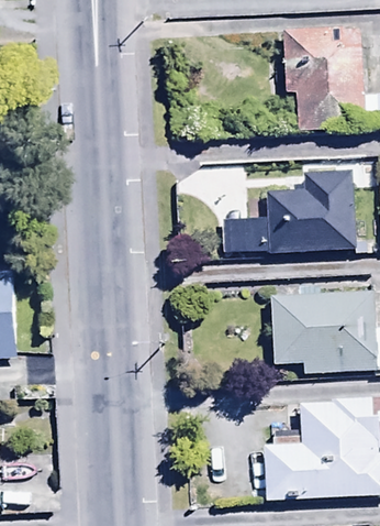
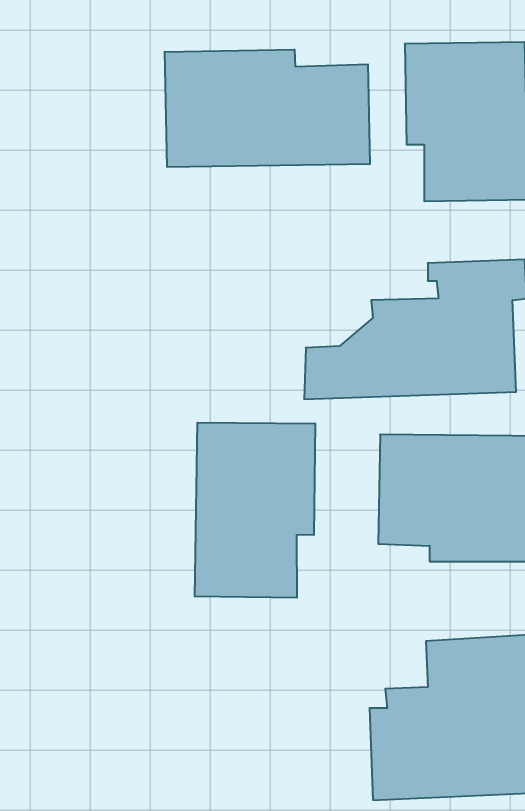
building: none -> [165,49,370,167]
building: none -> [195,423,315,598]

